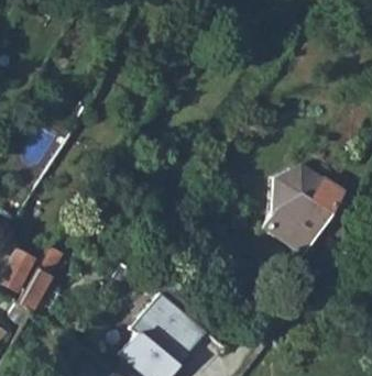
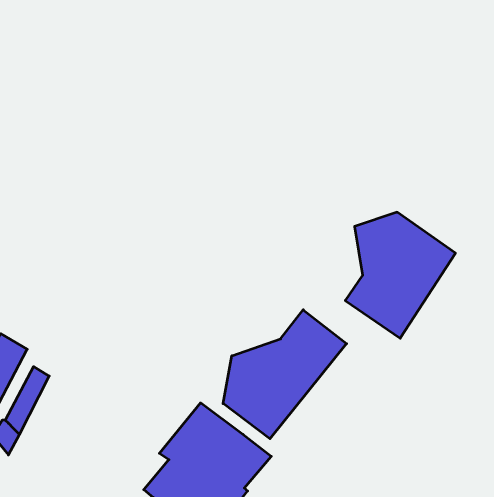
building: none -> [223,310,347,439]

